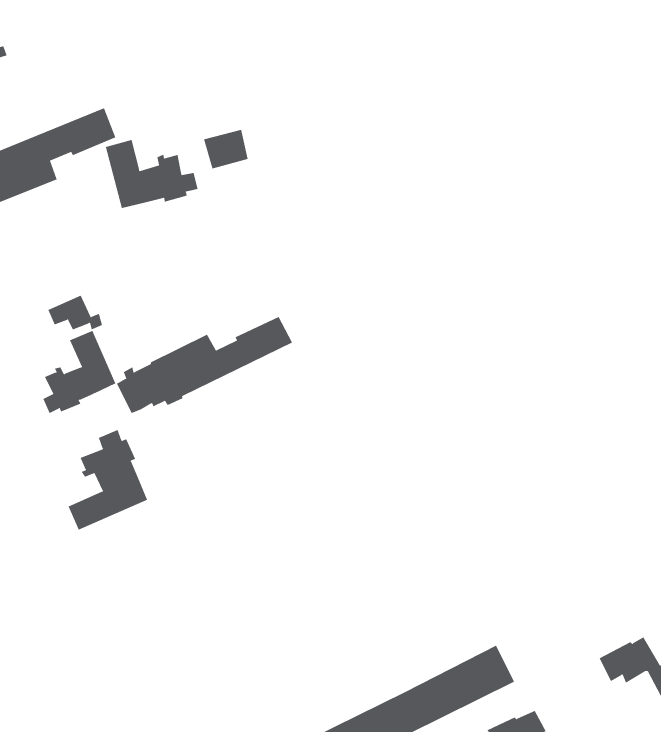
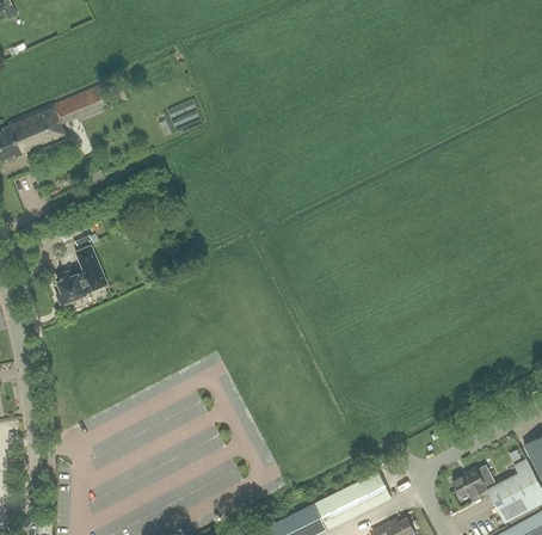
building: [105,139,198,209] -> none
building: [116,316,293,414] -> none
building: [68,429,148,531] -> none

